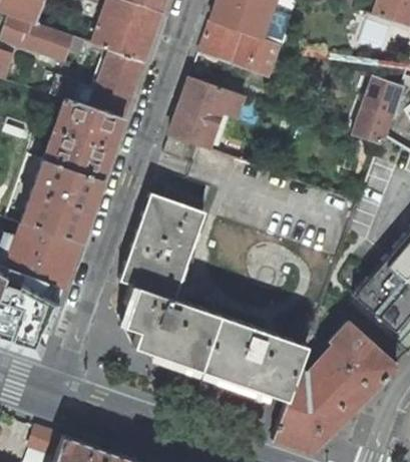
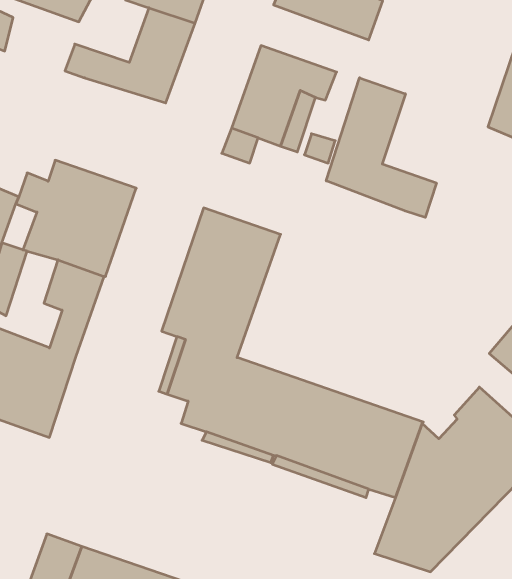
building: [44,93,123,178] -> none
building: none -> [326,78,436,217]

